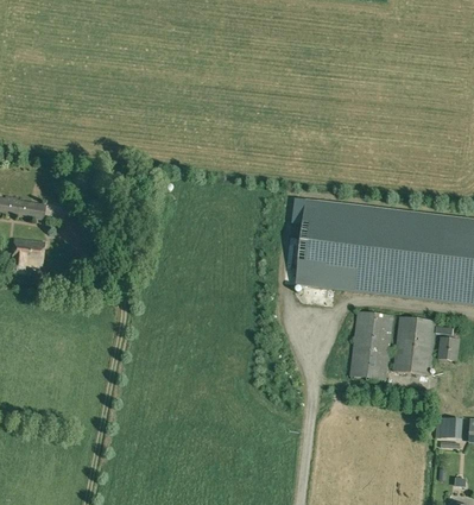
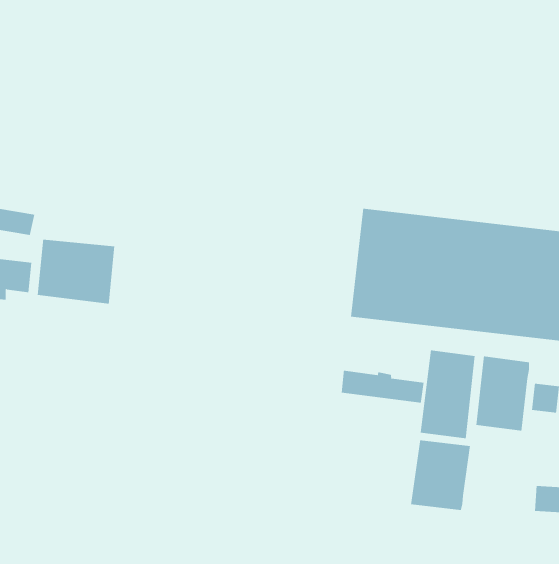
building: none -> [37,239,115,305]
building: none -> [341,370,424,403]
building: none -> [410,439,470,511]

